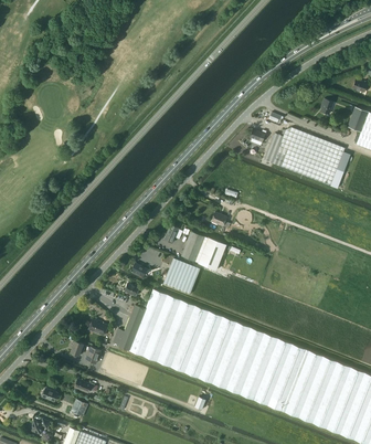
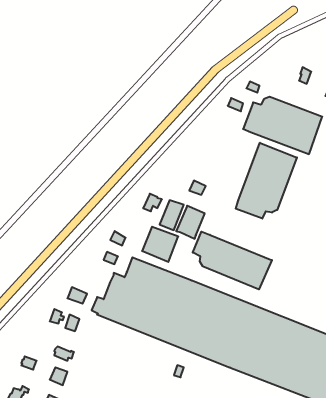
building: none -> [236,143,297,219]
building: none -> [193,232,272,289]

